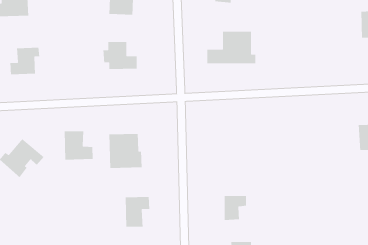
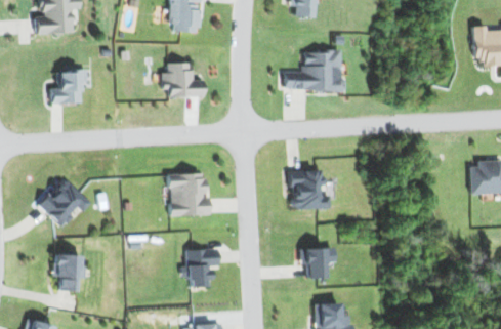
building: none -> [291,169,331,209]
building: [64,130,93,160] -> none
building: none -> [53,254,86,291]

